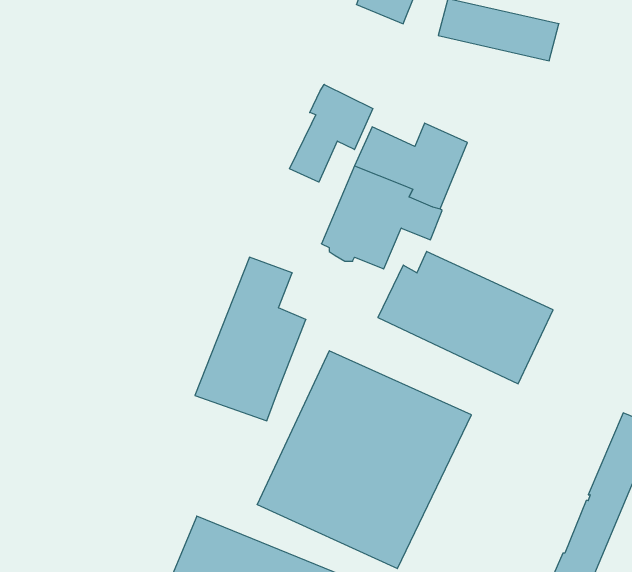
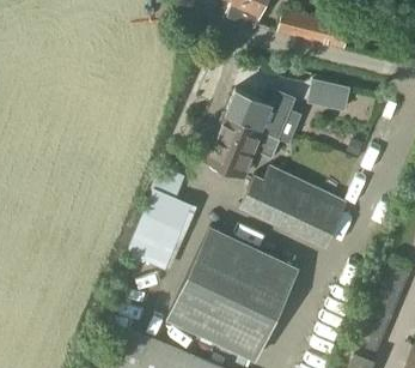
building: [290,84,373,182] -> none
building: none -> [300,77,350,111]

